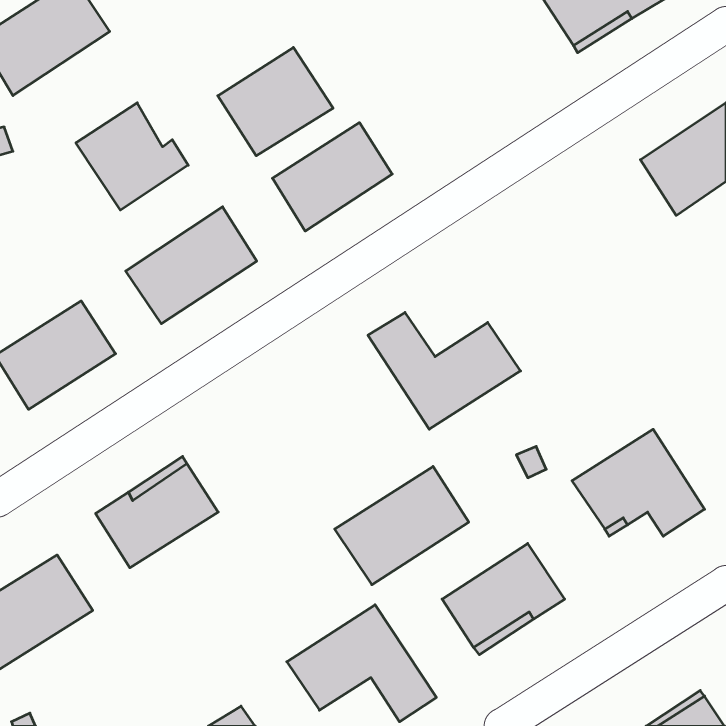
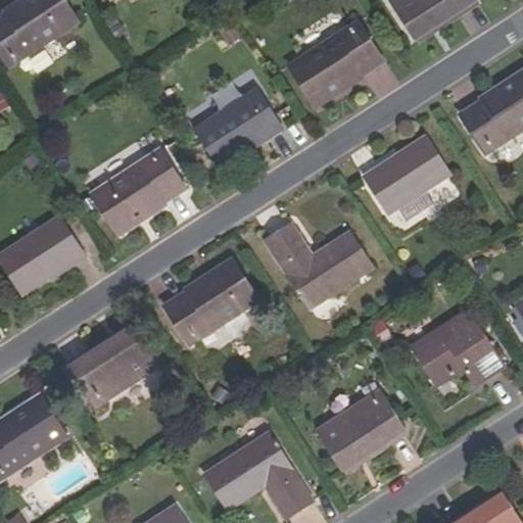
building: none -> [287,20,382,103]
building: [218,47,333,156] -> none
building: [76,103,188,210] -> none
building: none -> [363,137,449,215]
building: [335,466,469,585] -> [161,260,257,345]

